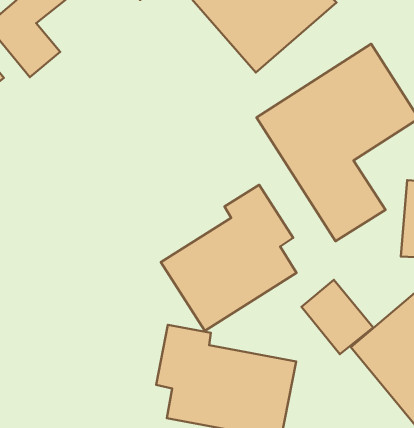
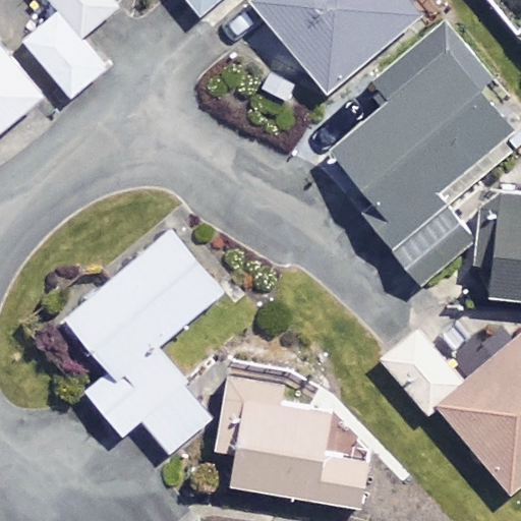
building: [161,185,297,331] -> none
building: none -> [66,232,222,453]

